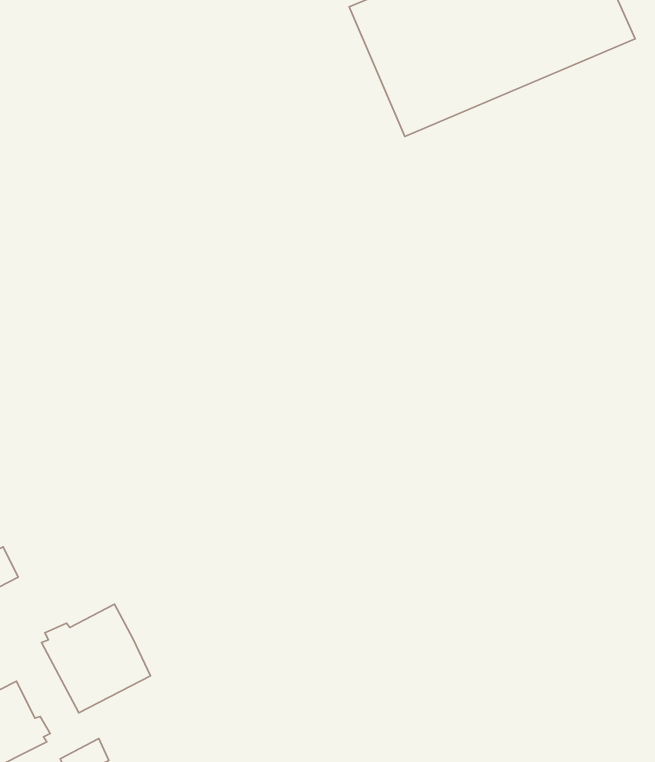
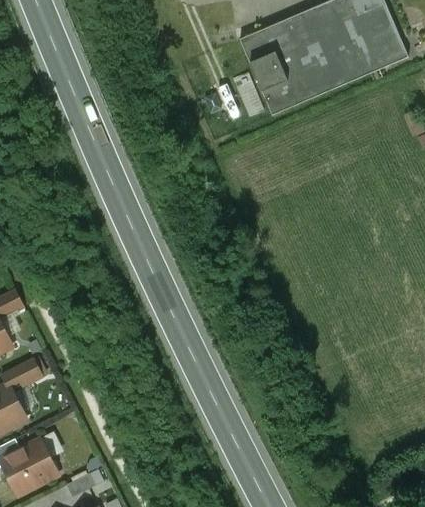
building: [42,604,150,713] -> none

